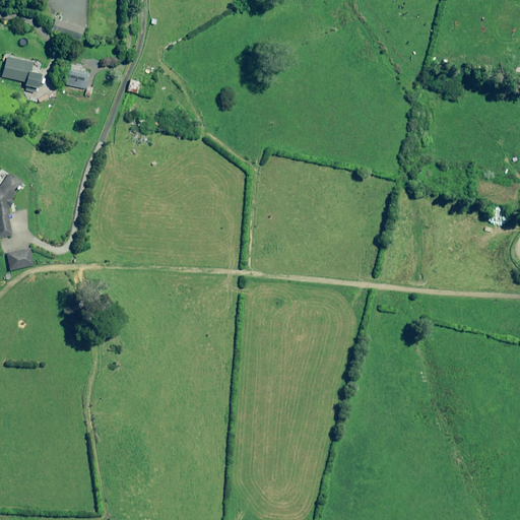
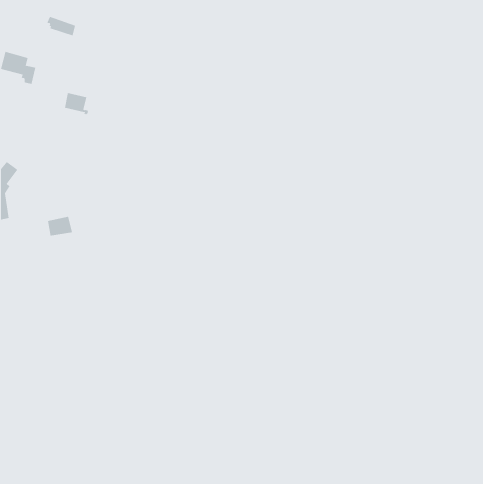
building: [66,67,92,92] -> [64,93,89,116]
building: [6,247,34,268] -> [47,216,73,236]

